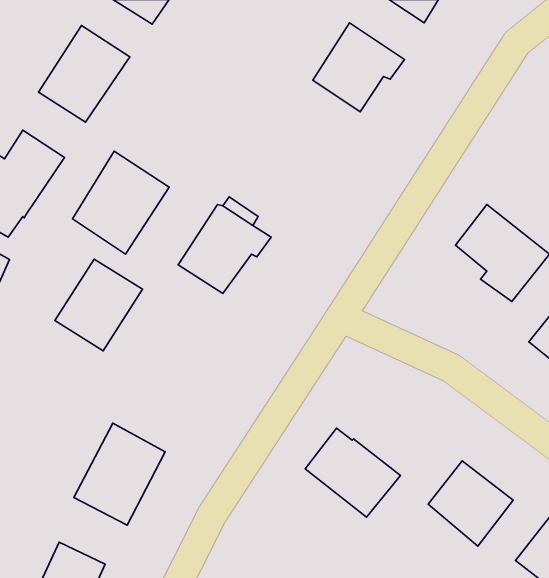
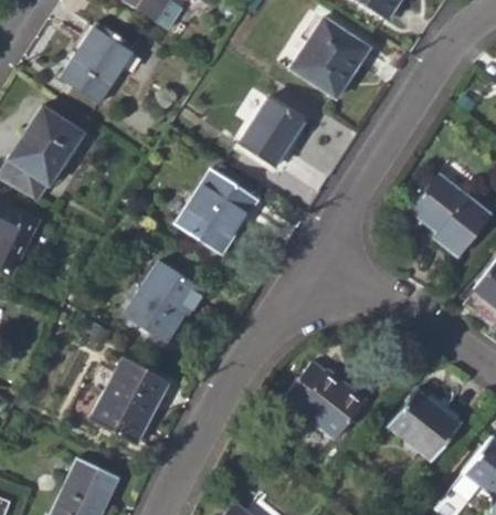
building: none -> [241,98,305,167]
building: [72,151,169,254] -> none
building: [55,259,143,351] -> [125,263,199,340]

